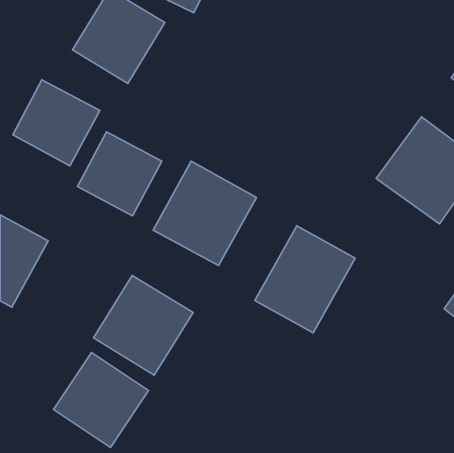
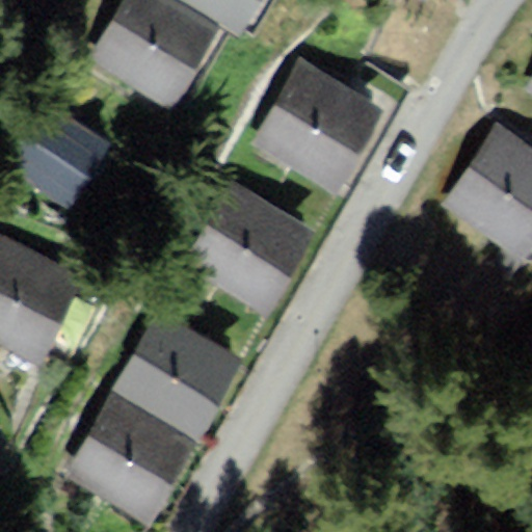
building: none -> [265,69,373,178]
building: [77,132,162,216] -> none
building: [255,226,355,333] -> none

